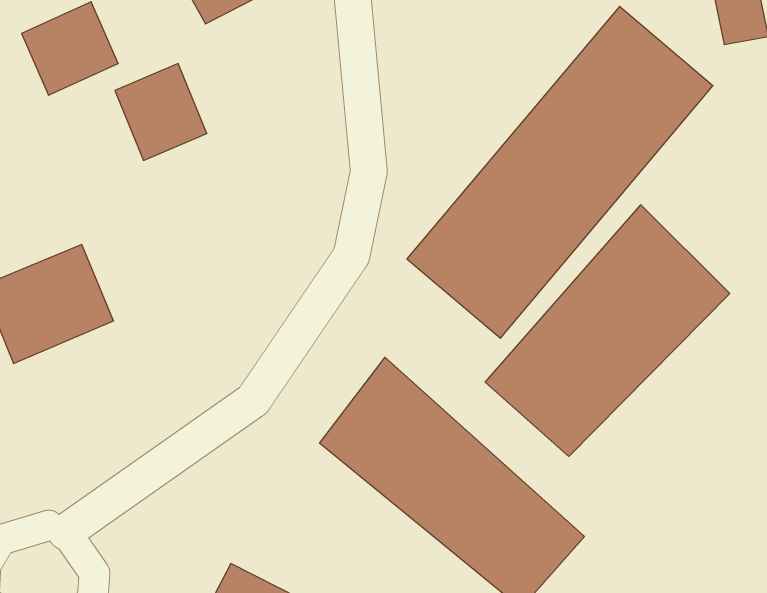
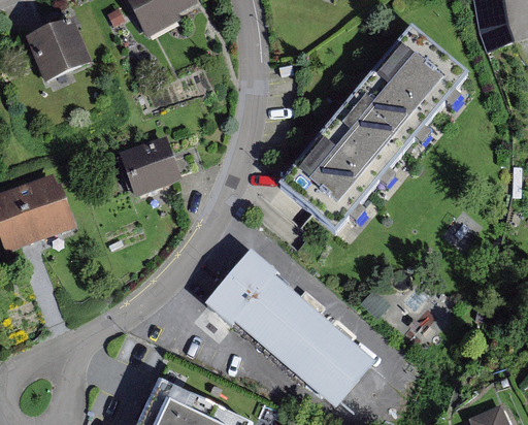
building: [115,64,207,160] -> [123,137,183,200]
building: [485,205,730,456] -> none

